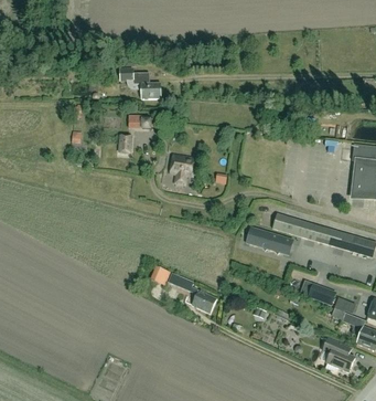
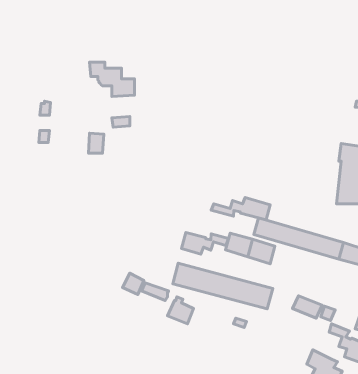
building: [170,154,196,184] -> none
building: none -> [211,197,270,220]
building: none -> [182,232,229,254]
building: none -> [173,263,273,309]

